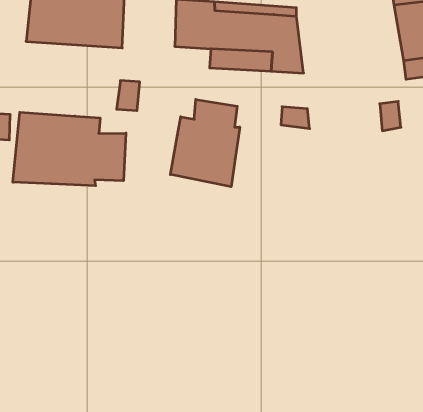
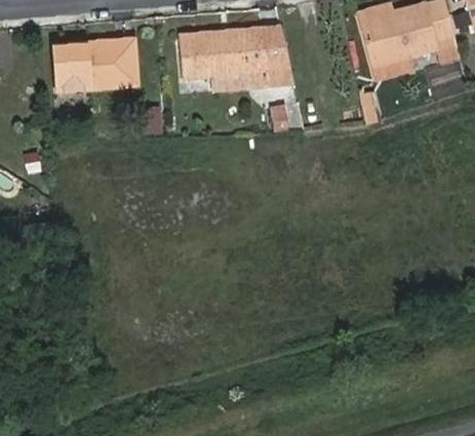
building: [170,99,240,187] -> none
building: [13,112,126,186] -> none

